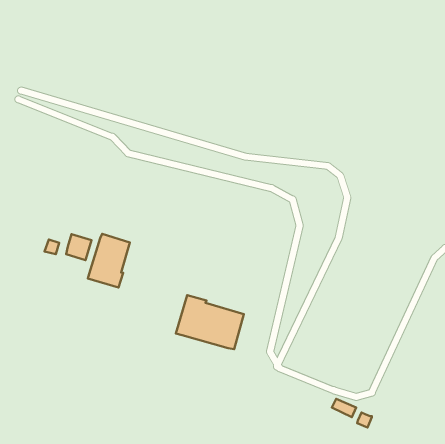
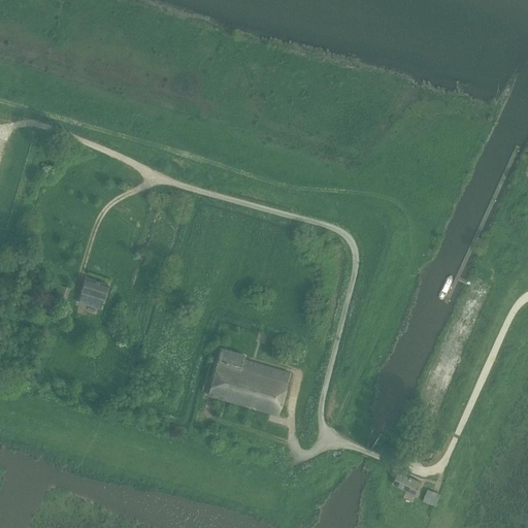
building: [88,234,130,288] -> none

